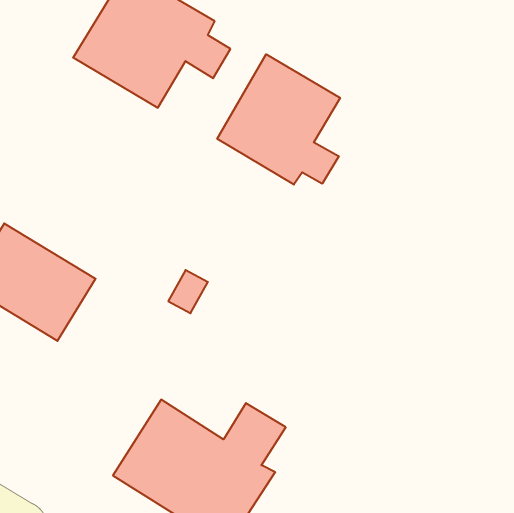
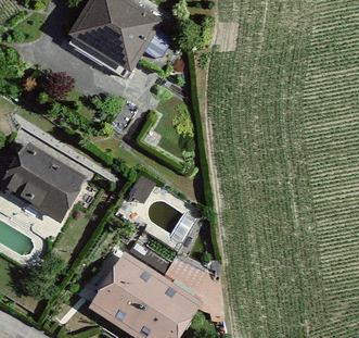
building: [217,54,340,185] -> none

